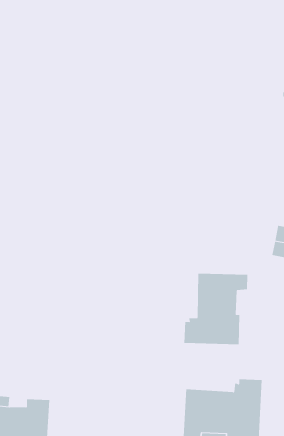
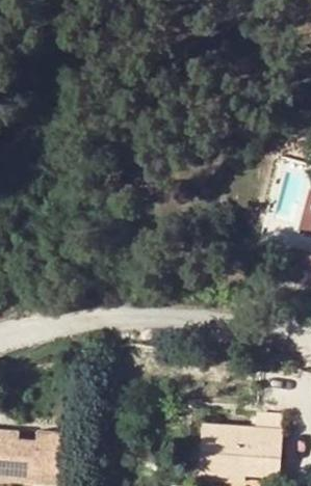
building: [184,273,248,345] -> none

